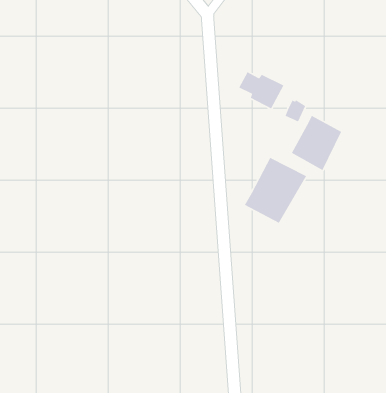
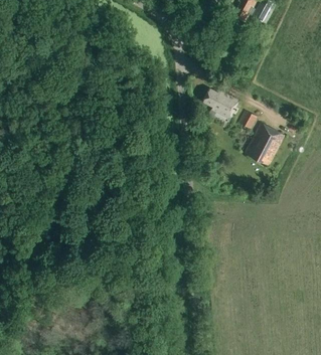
building: [244,157,307,224] -> none

